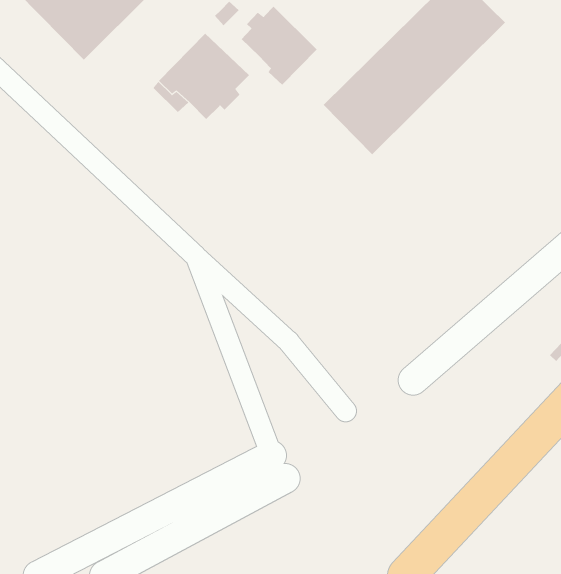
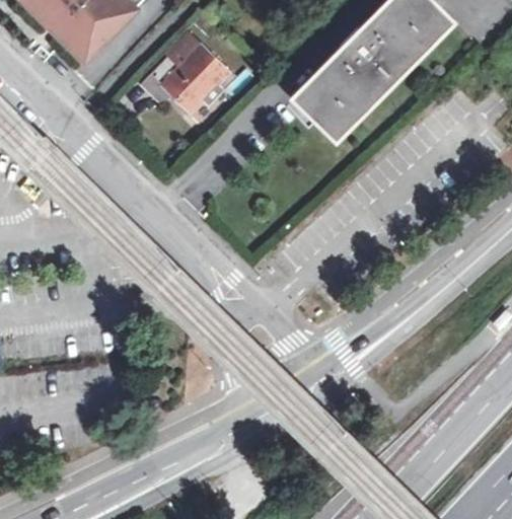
building: [241,6,317,86] -> none

